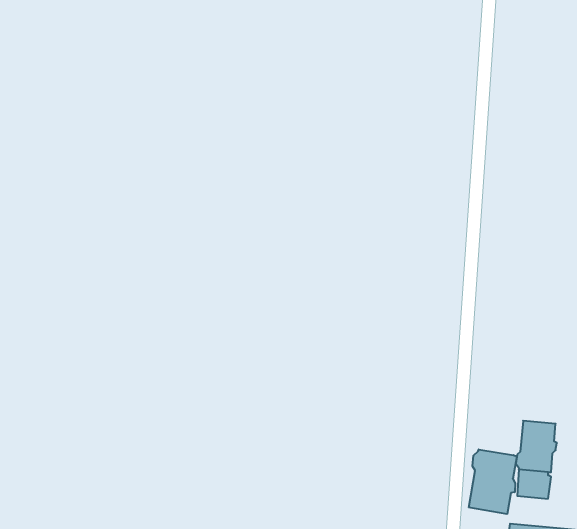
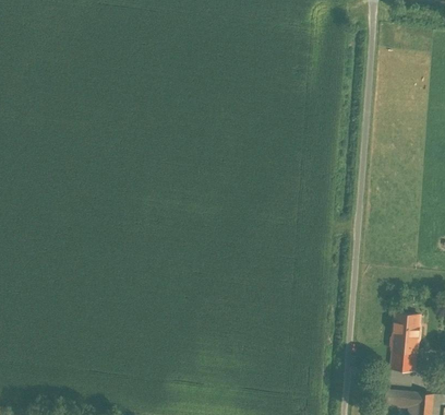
building: [469,449,517,514] -> none

